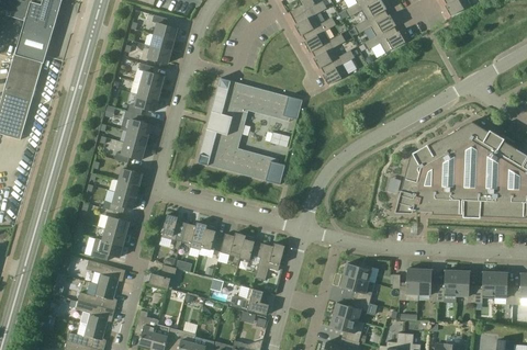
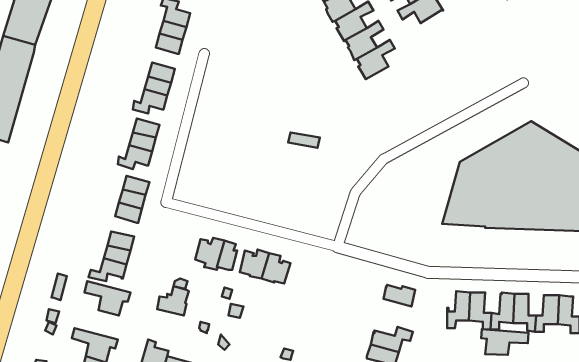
building: [365,25,404,53] -> none
building: [197,77,302,184] -> none
building: [160,213,186,240] -> none
building: [255,242,284,280] -> none
building: [340,274,371,303] -> none
building: [77,284,115,309] -> none
building: [229,287,268,314] -> none
building: none -> [481,329,529,355]

